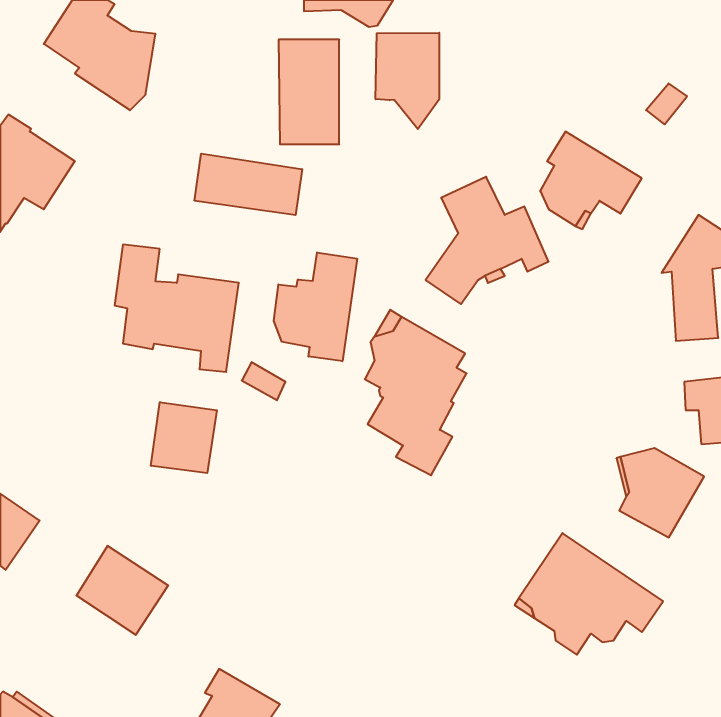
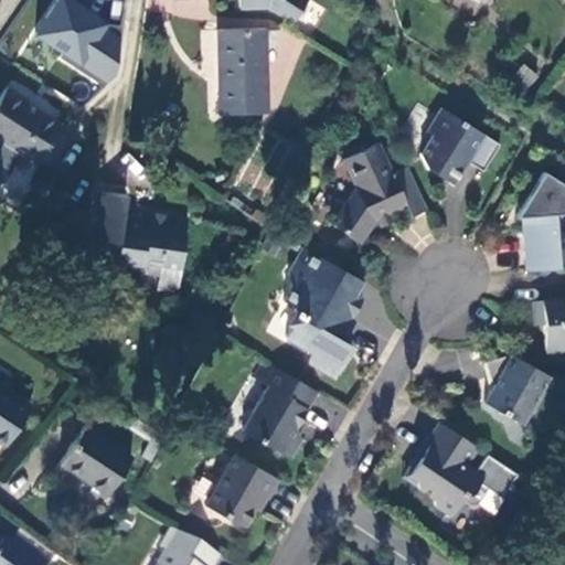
building: [376,33,439,129] -> none
building: [195,154,302,215] -> none
building: [274,252,357,361] -> none
building: [151,402,217,473] -> none
building: none -> [244,359,320,458]
building: none -> [206,452,280,526]

